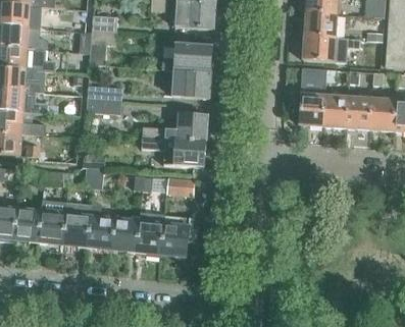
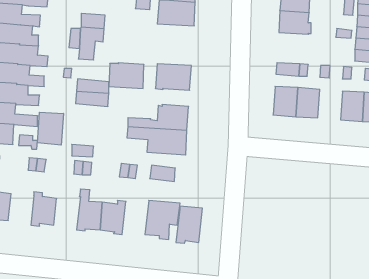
building: [302,36,359,63] -> none
building: [173,44,211,71] -> [109,63,144,88]
building: [346,97,372,129] -> none
building: none -> [37,112,63,145]
building: [13,206,41,242] -> none
building: [62,208,91,248] -> none
building: [136,214,164,254] -> [176,206,202,243]

